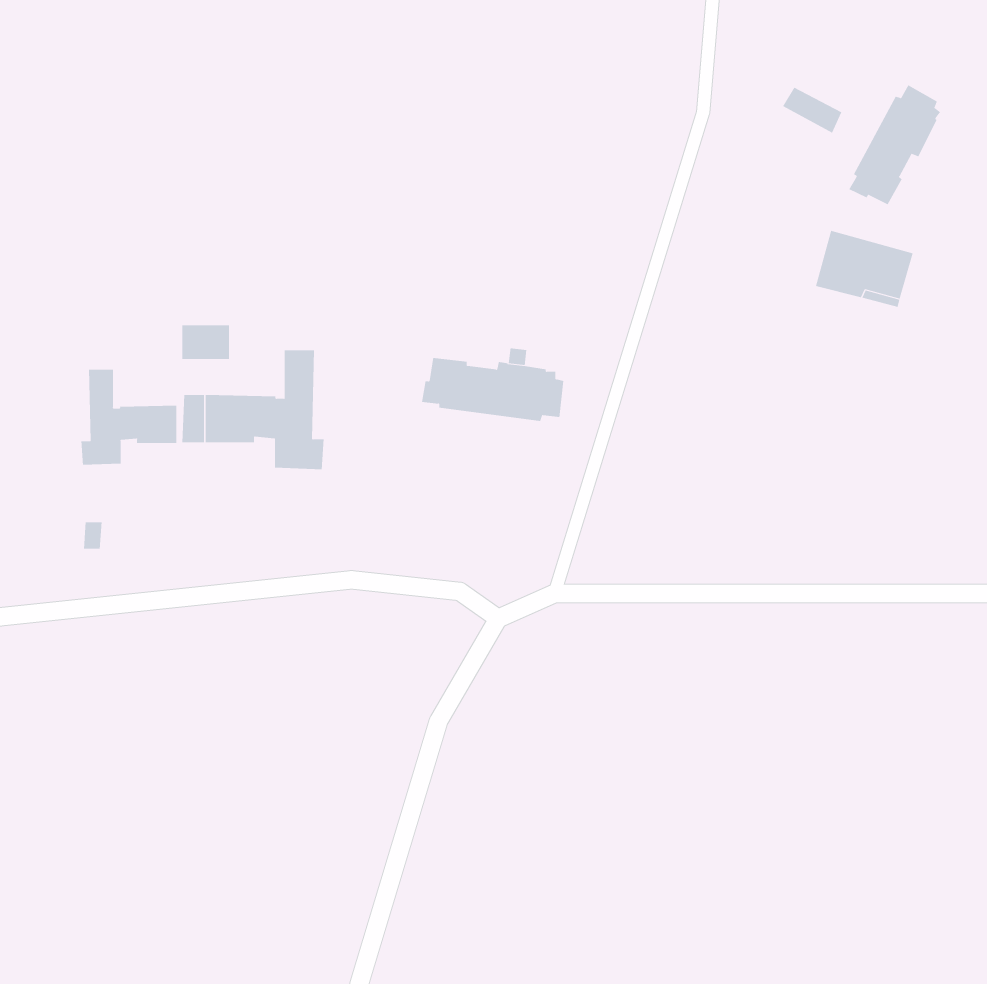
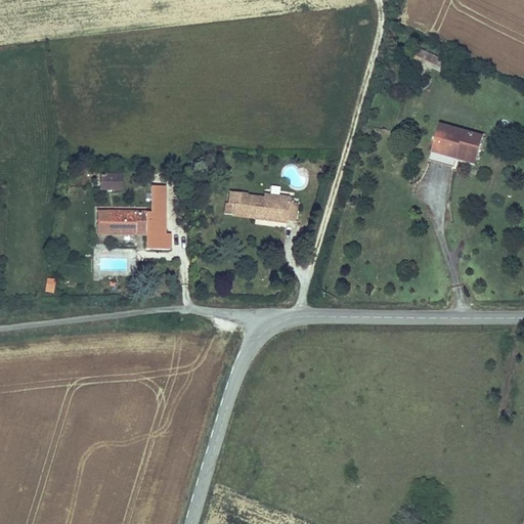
building: [849,84,941,205] -> none
building: [81,369,177,466] -> none

